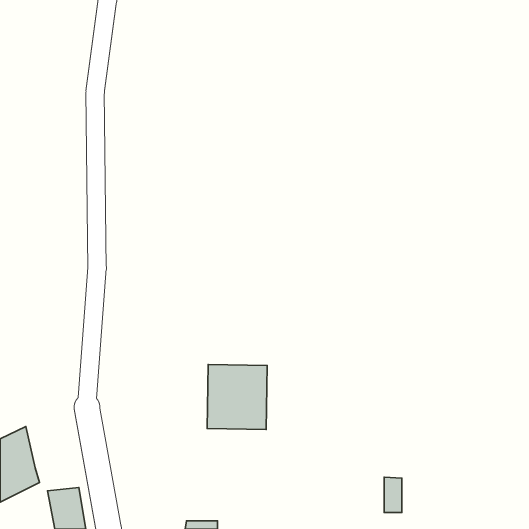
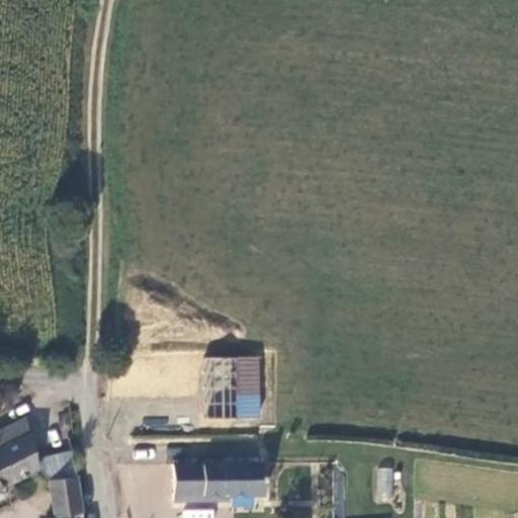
building: none -> [34,449,77,480]
building: none -> [174,460,264,502]

